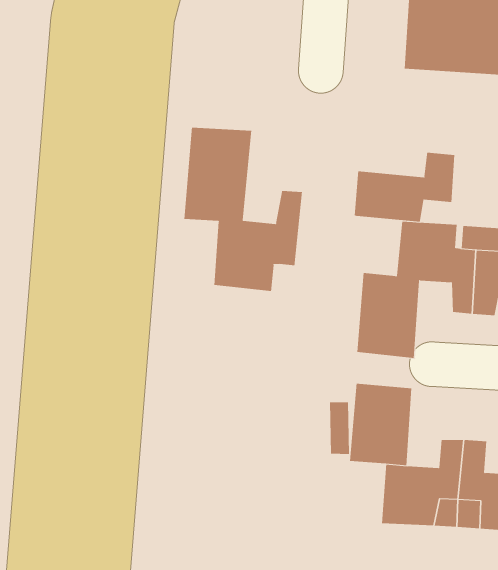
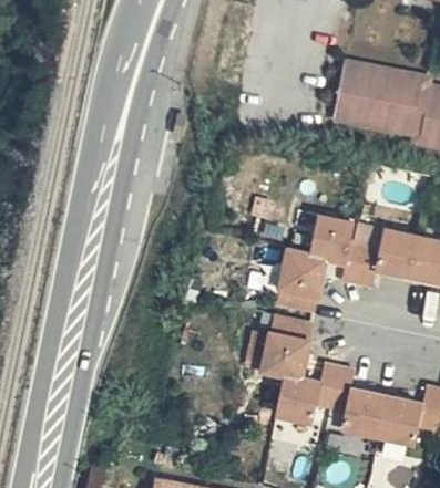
building: [184,127,302,292] -> none
building: [354,152,455,222] -> none

